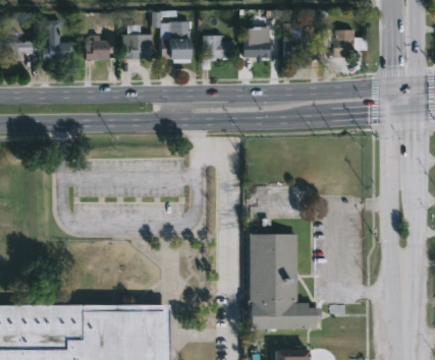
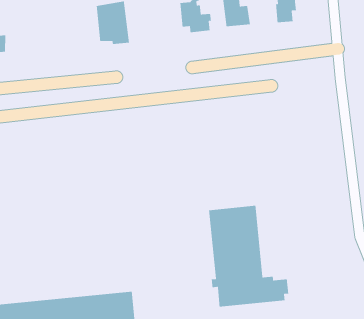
building: [123,22,153,60] -> none
building: [202,35,233,69] -> none
building: [85,38,109,60] -> none

